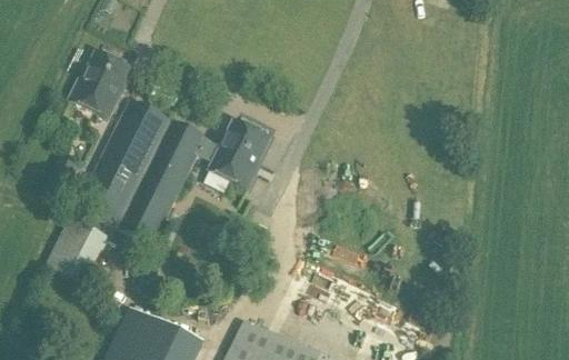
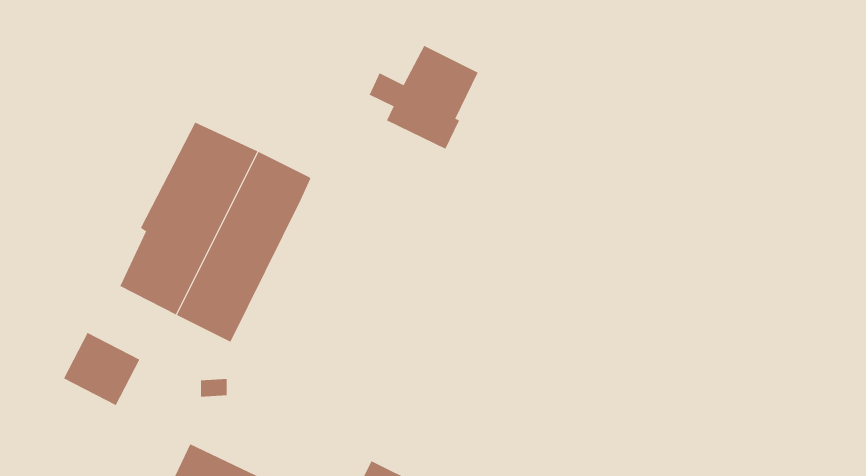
building: [69,50,132,117] -> none
building: [199,118,270,186] -> [369,45,479,149]

